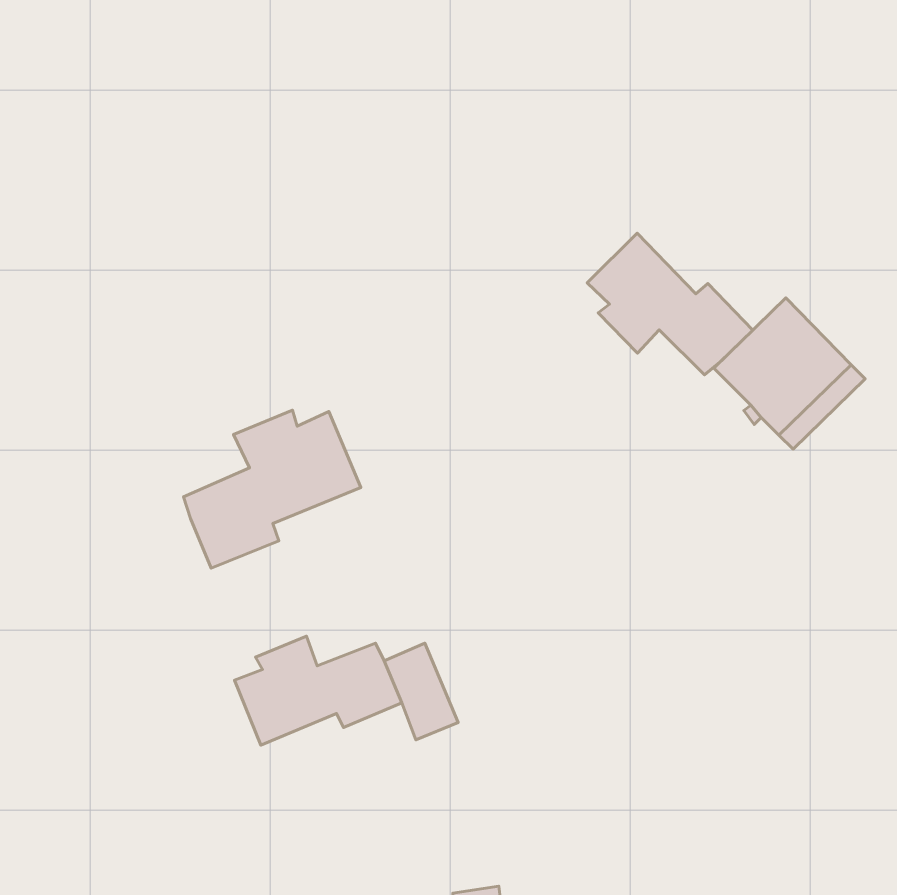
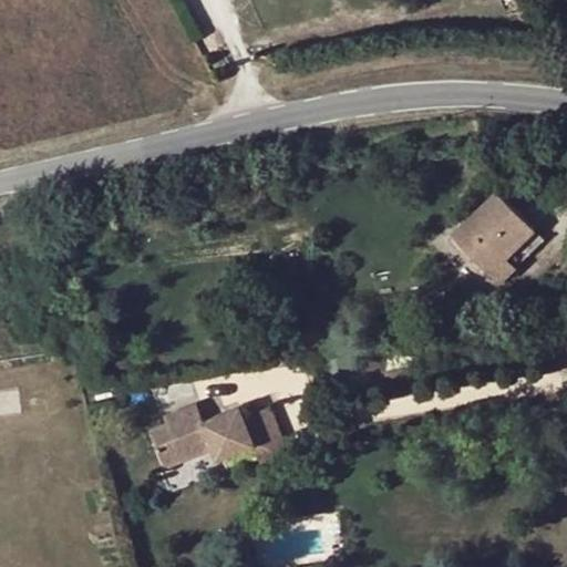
building: [587,233,753,375] -> none
building: [183,410,361,568] -> none

